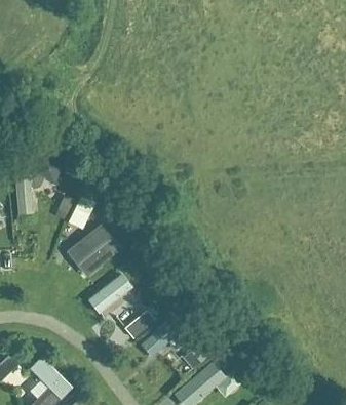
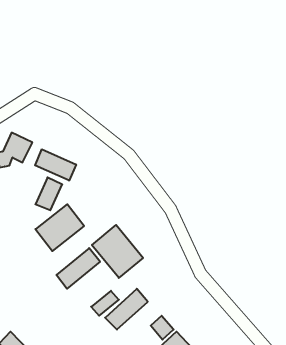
building: none -> [35,149,76,181]
building: none -> [92,225,143,278]

